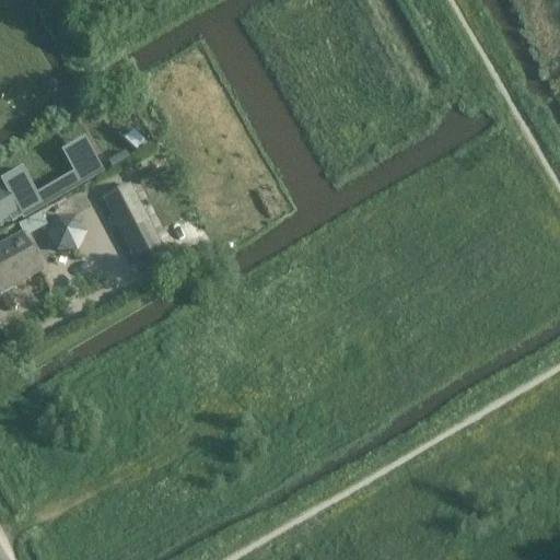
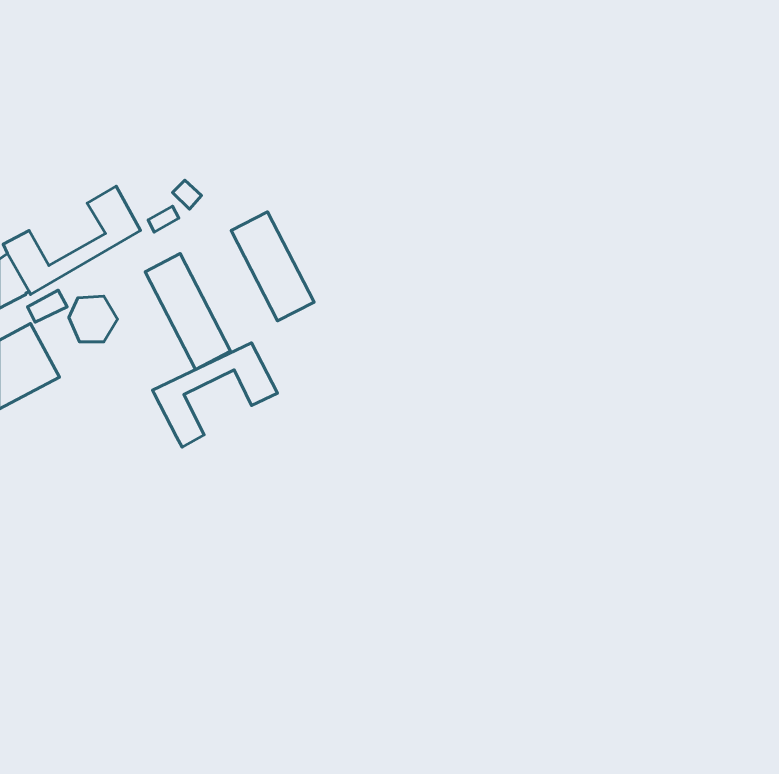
building: none -> [231,212,314,321]
building: none -> [152,343,277,447]

